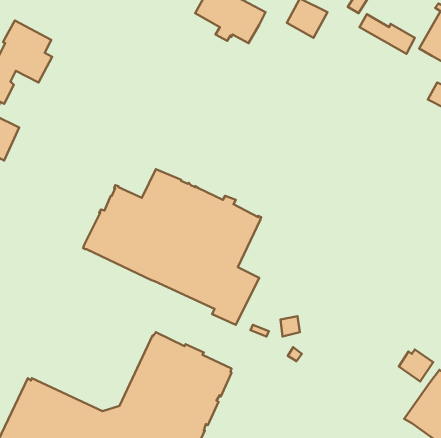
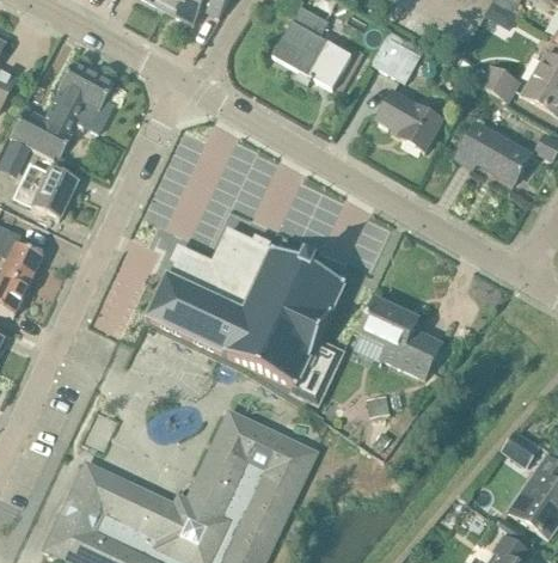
building: none -> [376,90,443,151]
building: none -> [456,124,531,182]
building: none -> [360,299,442,378]

